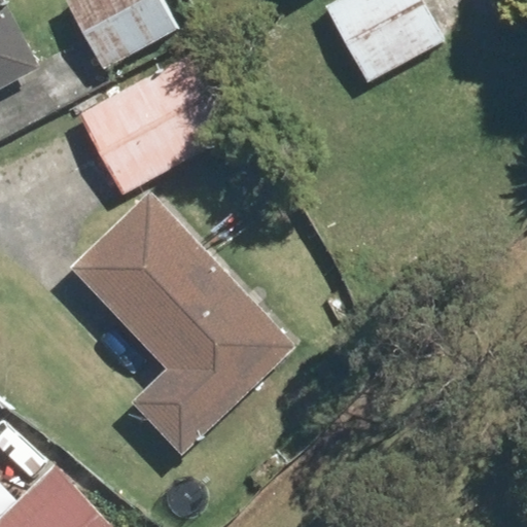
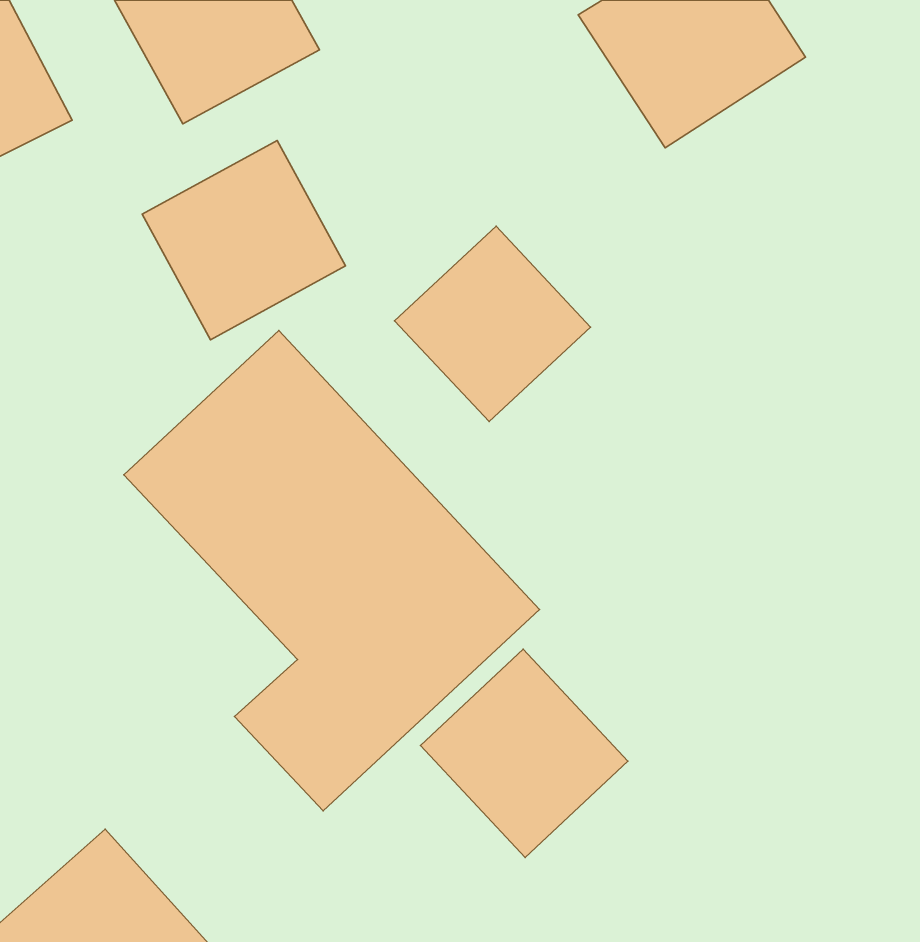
building: none -> [395,226,591,422]
building: none -> [421,649,628,858]

